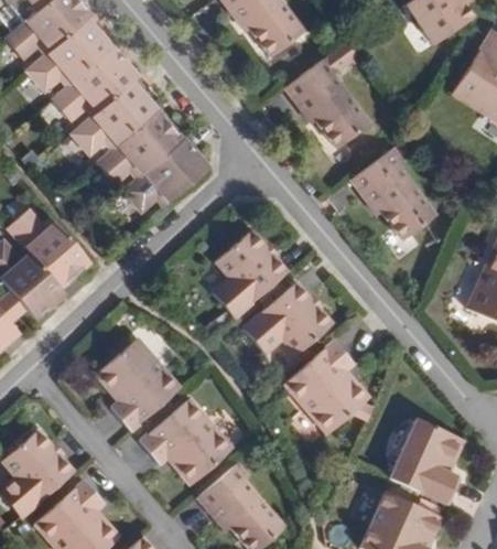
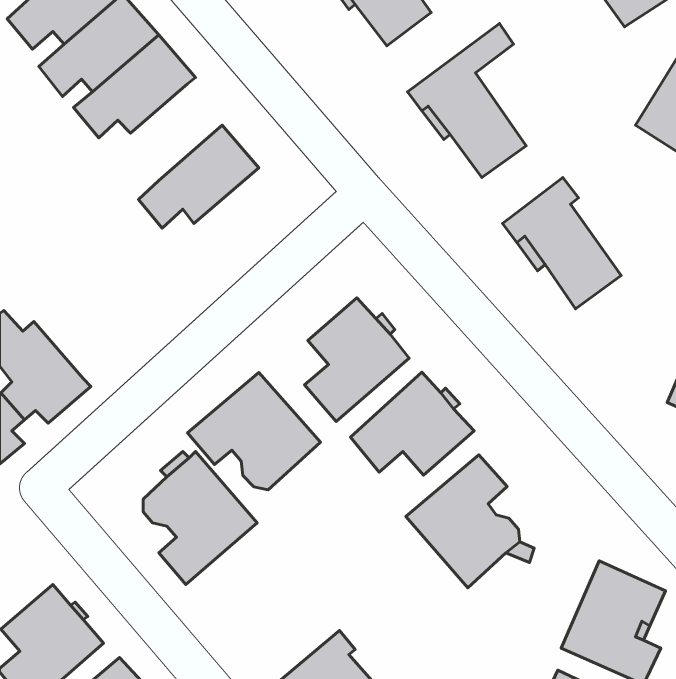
building: [73,83,156,154] -> none
building: [123,140,209,212] -> none
building: [9,211,88,288] -> none
building: [140,399,233,481] -> [187,373,320,490]

